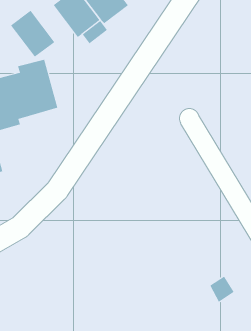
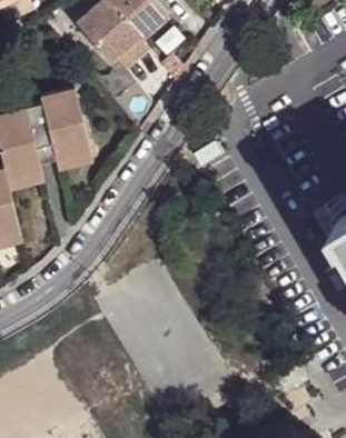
building: [10,10,55,58] -> none

